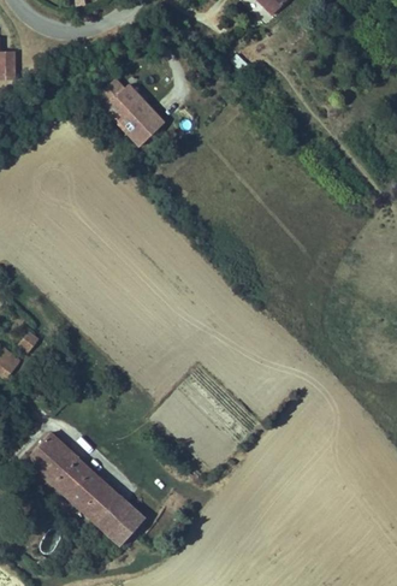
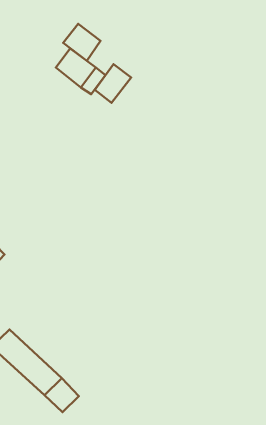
building: none -> [63,24,101,61]
building: none -> [95,64,131,103]

